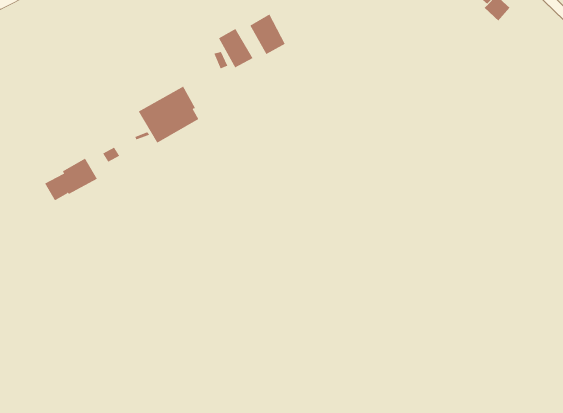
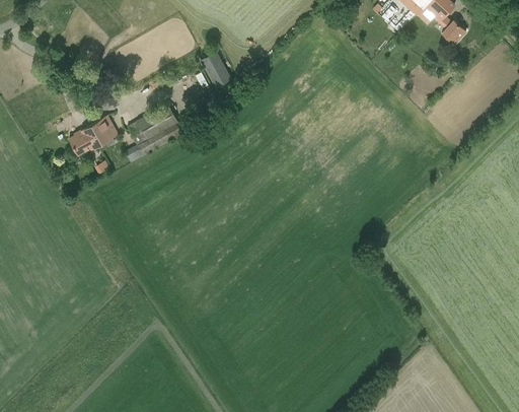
building: [250,14,286,55] -> none
building: [44,158,98,201] -> [69,116,118,155]

